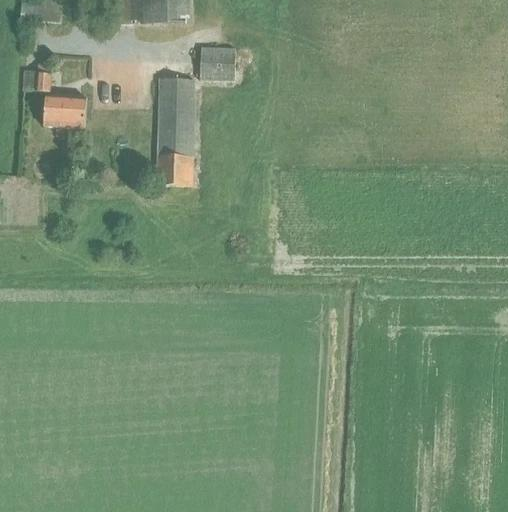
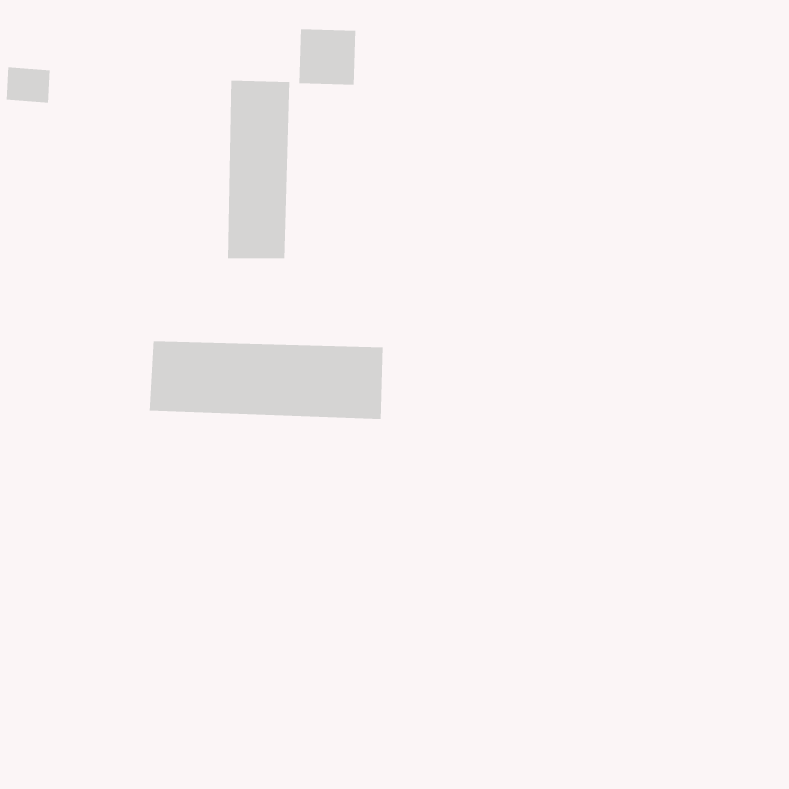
building: [43,93,87,127] -> none
building: none -> [149,341,383,420]

